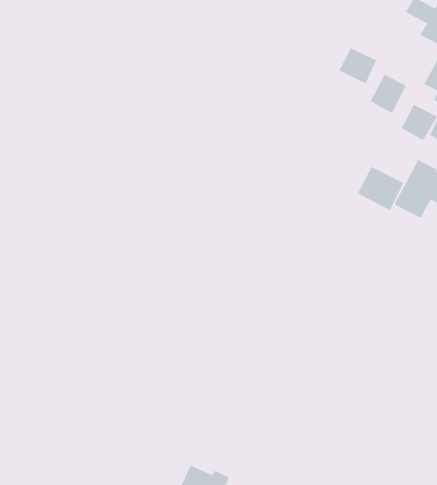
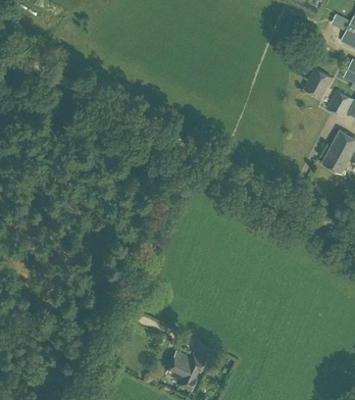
building: [339,47,377,84] -> none
building: [357,166,404,211] -> none

